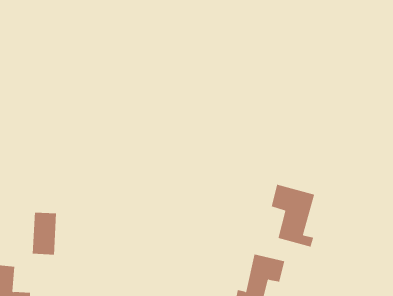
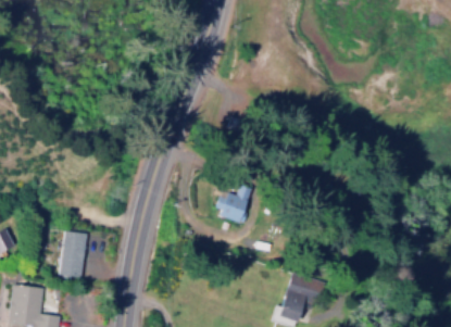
building: none -> [216,187,251,223]
building: [271,184,315,247] -> none

